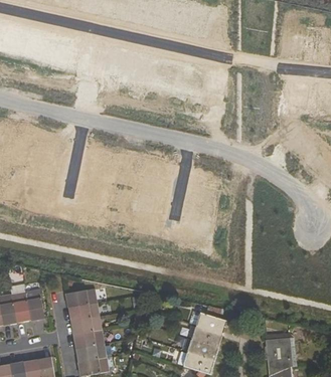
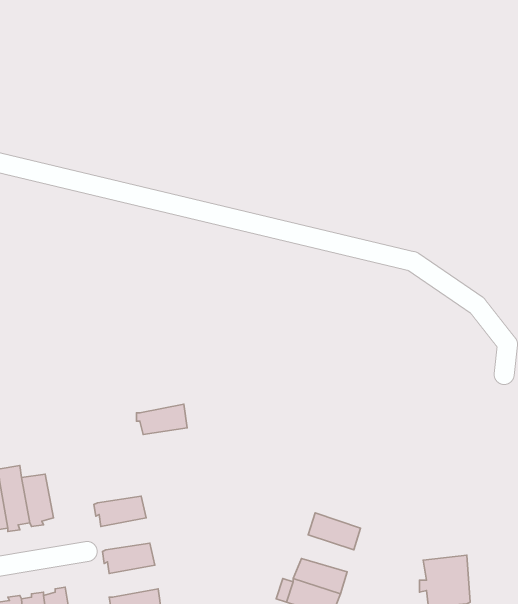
building: [65,289,96,307] -> [136,404,187,435]
building: [69,316,101,335] -> none
building: [191,326,222,348] -> none
building: [74,344,106,363] -> none

